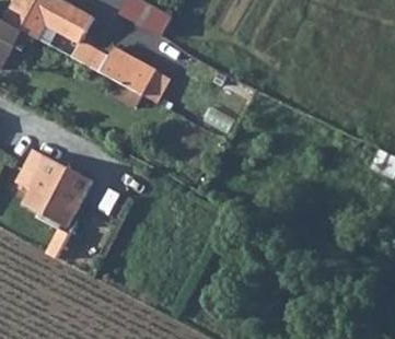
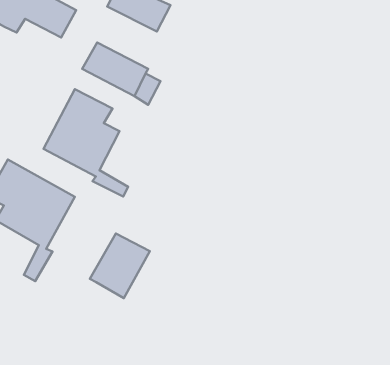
building: none -> [43,89,128,197]
building: none -> [90,233,150,298]

